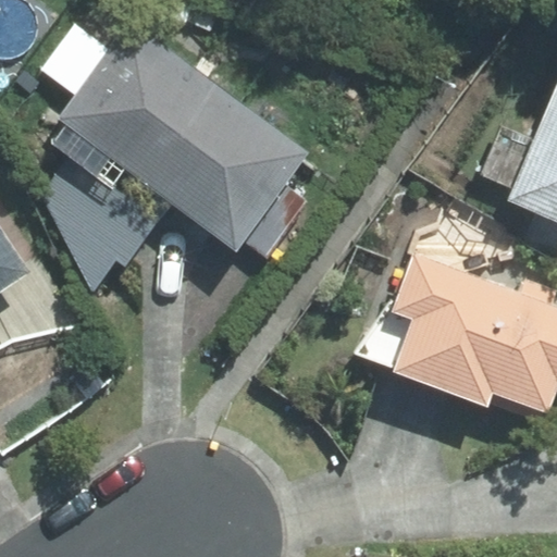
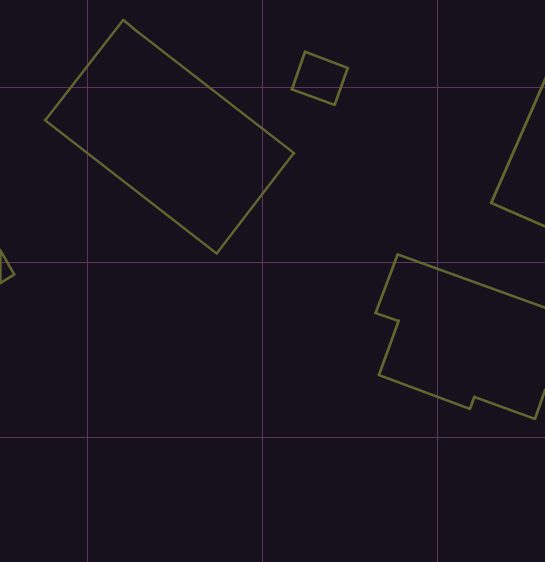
building: [45,161,164,305] -> none

